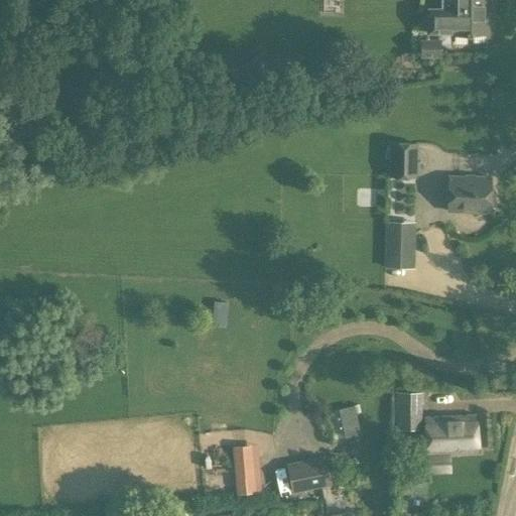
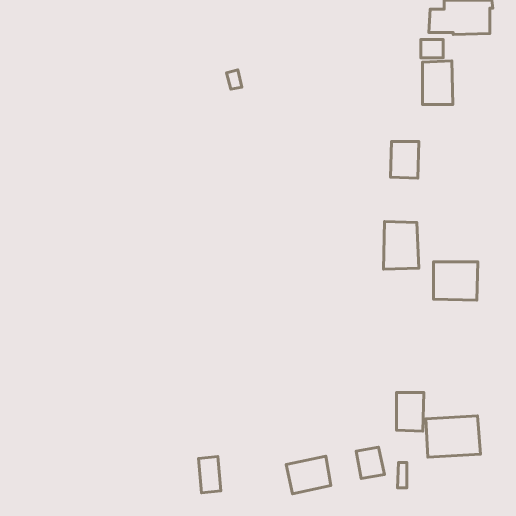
building: none -> [423,61,453,105]
building: [447,175,492,214] -> [433,262,478,300]
building: [333,406,361,437] -> [356,447,384,479]
building: [233,444,255,481] -> [199,456,221,493]

